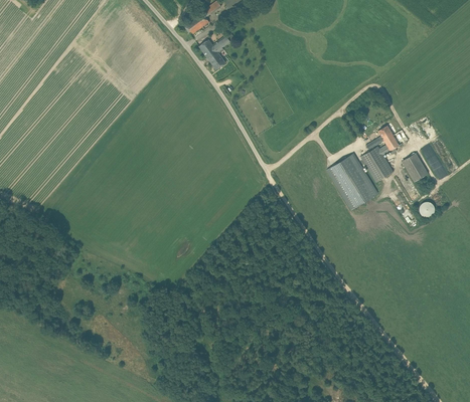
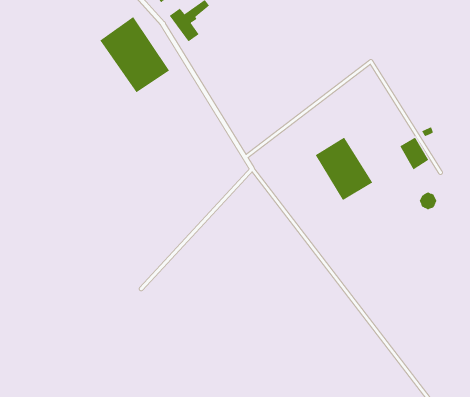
building: none -> [99,16,170,93]
building: [360,125,408,182] -> none

